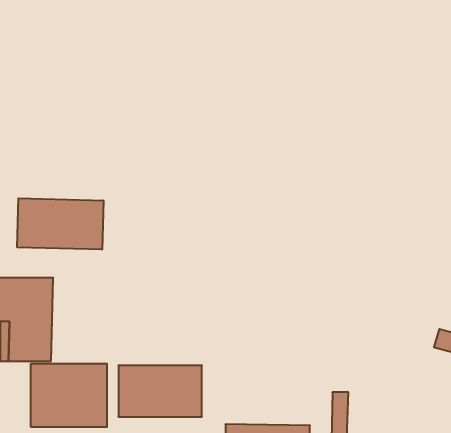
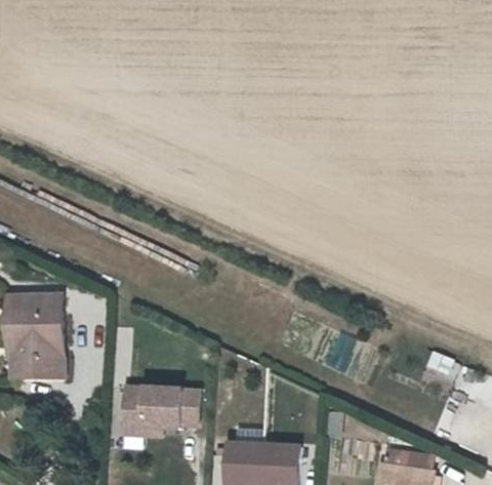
building: [17,198,103,250] -> none
building: [31,364,107,427] -> none

